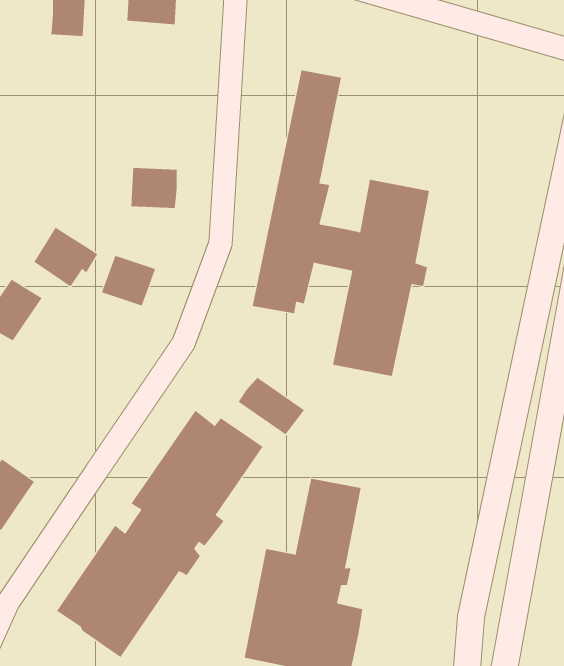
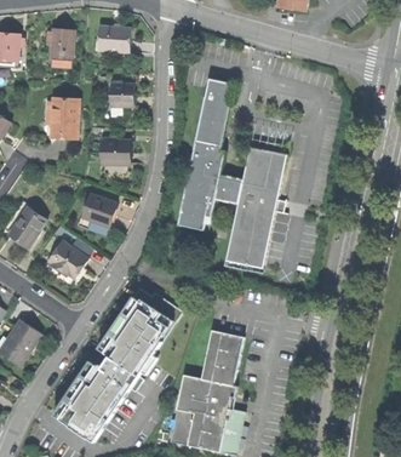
building: none -> [109,84,133,107]
building: none -> [50,98,78,135]
building: [34,227,98,287] -> [47,240,87,278]
building: [238,377,305,435] -> none

